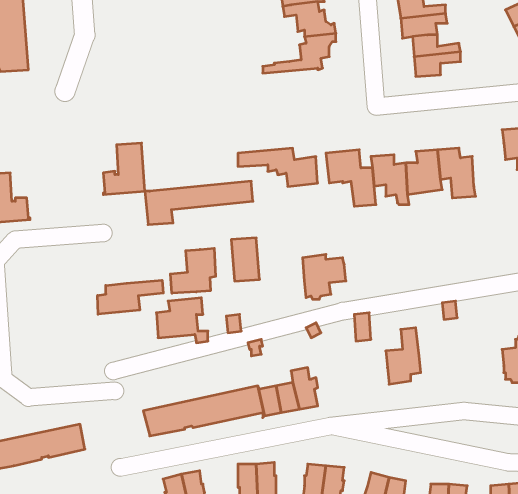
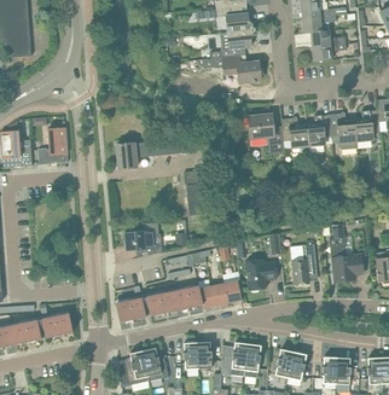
building: [103,143,145,195] -> [37,127,68,164]
building: none -> [354,109,379,140]
building: [238,148,318,186] -> [202,54,260,82]
building: [170,248,216,293] -> none
building: [303,254,346,299] -> [245,259,277,291]
building: [98,280,163,314] -> none
building: none -> [332,254,362,281]

